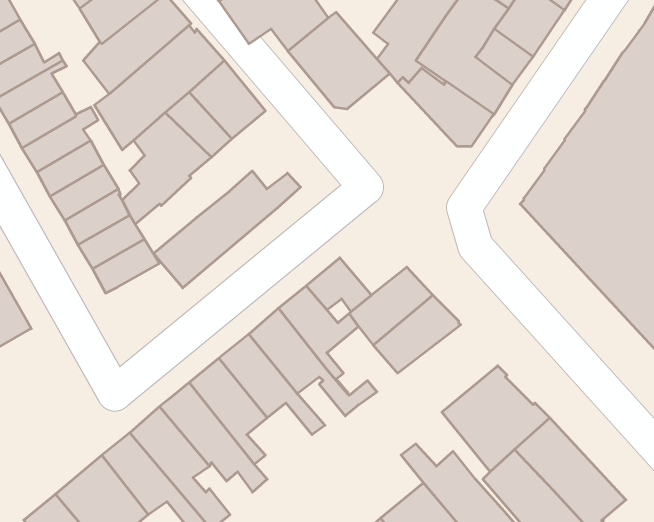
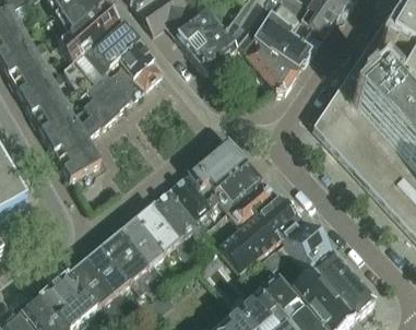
building: [153,171,301,288] -> none
building: none -> [207,140,247,178]
building: none -> [218,195,300,271]

